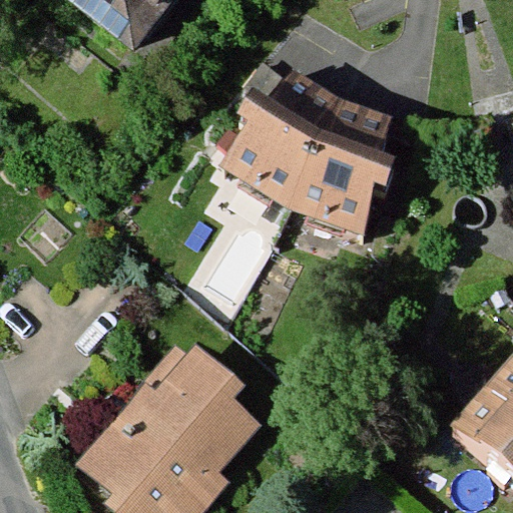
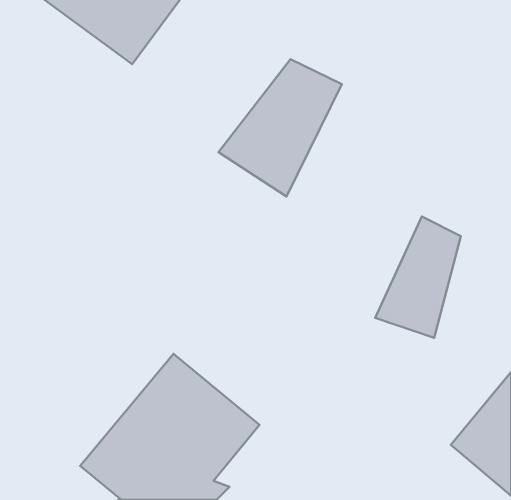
building: [287,84,391,222] -> none
building: none -> [375,216,461,338]

